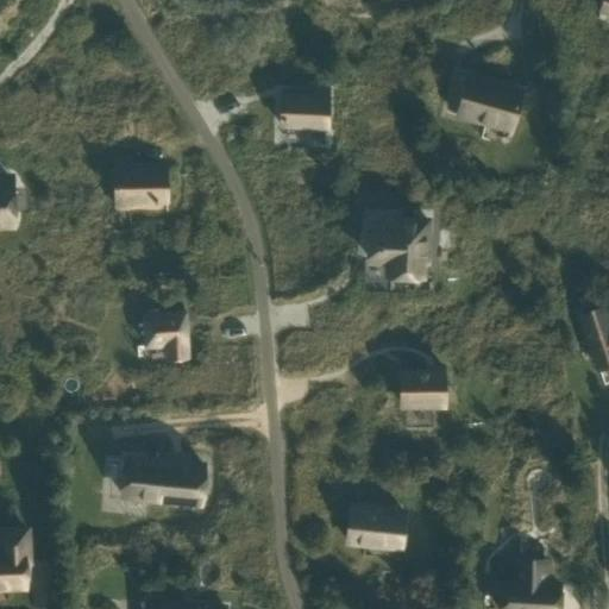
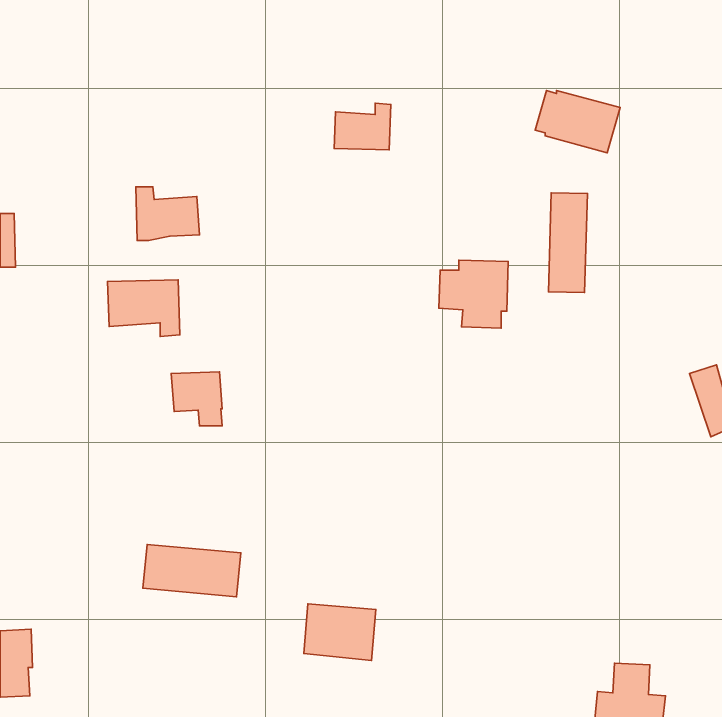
building: none -> [548,193,587,293]
building: none -> [108,280,180,337]
building: [401,372,445,409] -> none
building: [346,508,407,555] -> [304,604,376,660]

